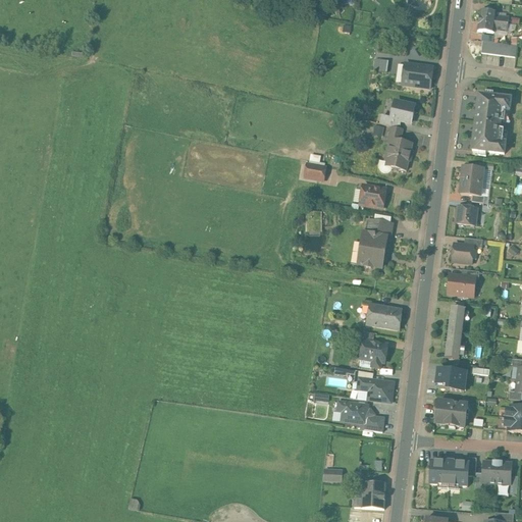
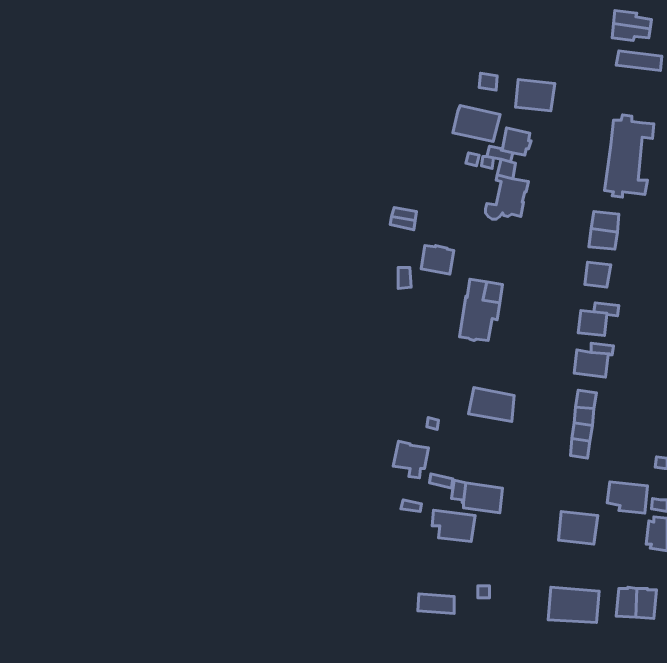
building: none -> [453,106,500,142]
building: [360,185,385,207] -> [421,245,454,274]
building: [360,338,387,367] -> [393,441,428,478]
building: [434,368,466,393] -> [607,482,648,513]
building: [360,477,387,506] -> none

